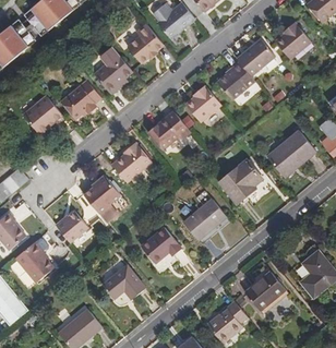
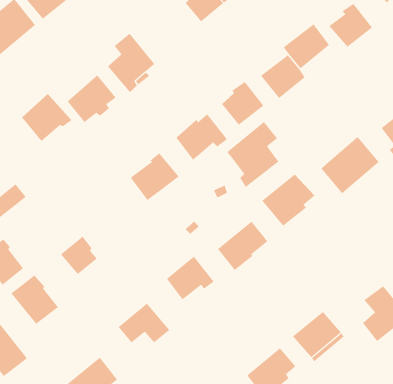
building: [127,24,160,62] -> none
building: none -> [226,121,279,188]
building: [82,176,119,213] -> none

